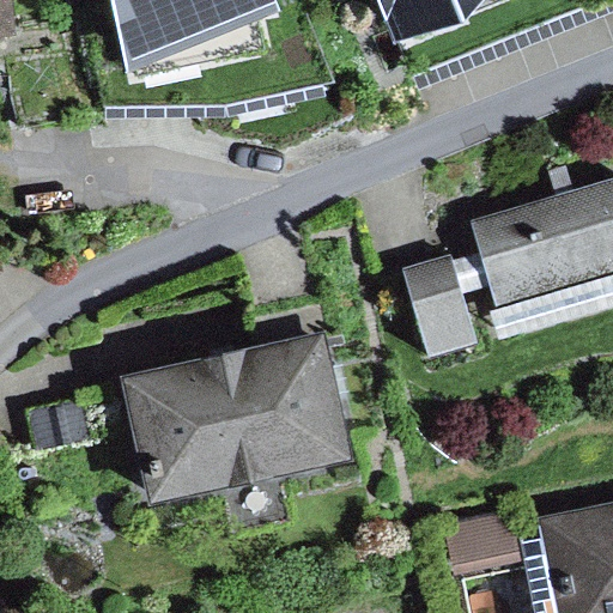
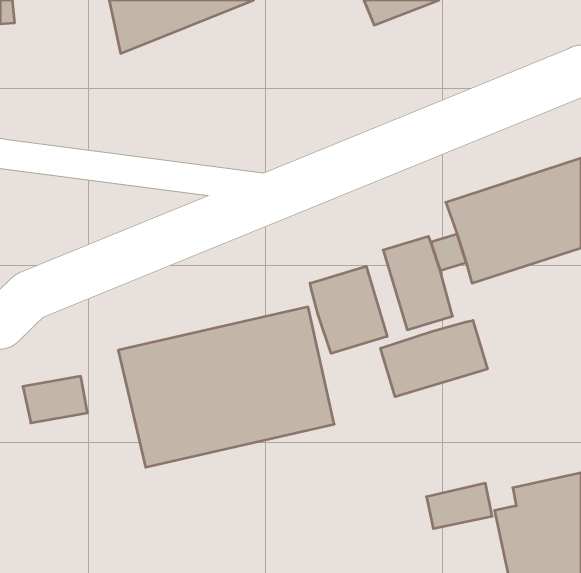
building: none -> [310,266,387,353]
building: none -> [381,320,487,397]

